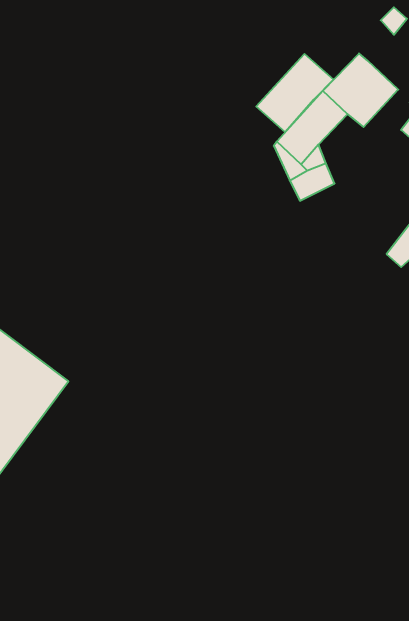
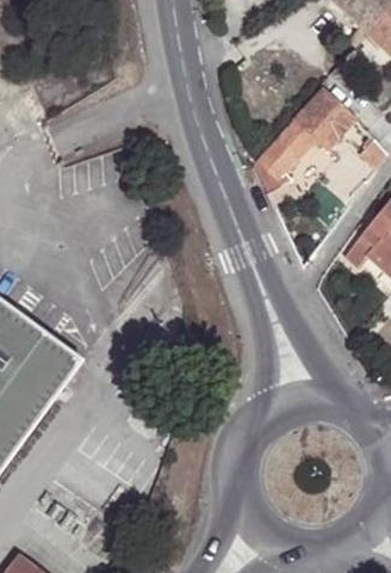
building: [256,54,333,132] -> none

